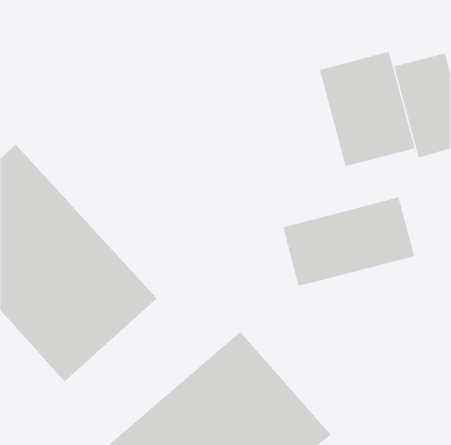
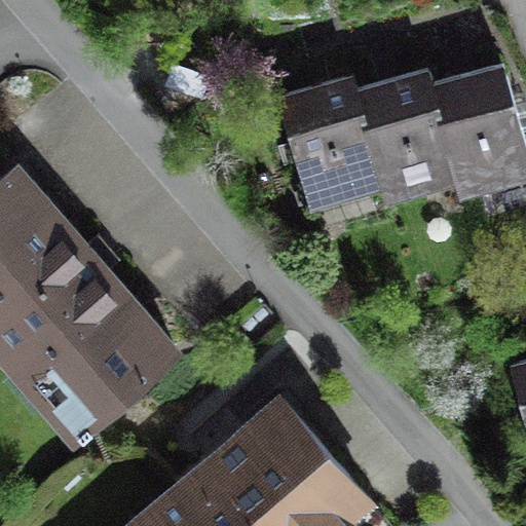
building: none -> [300,79,398,206]
building: [283,196,415,287] -> none

